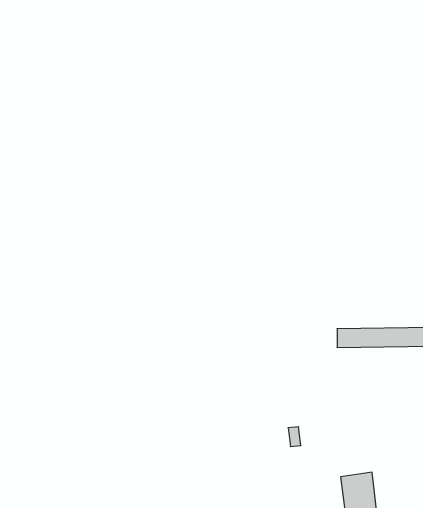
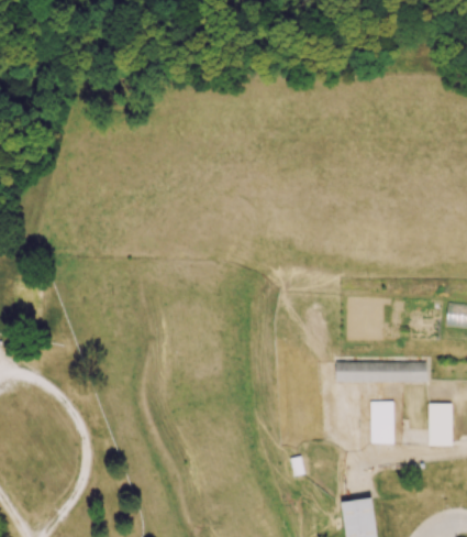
building: none -> [370,402,392,442]

